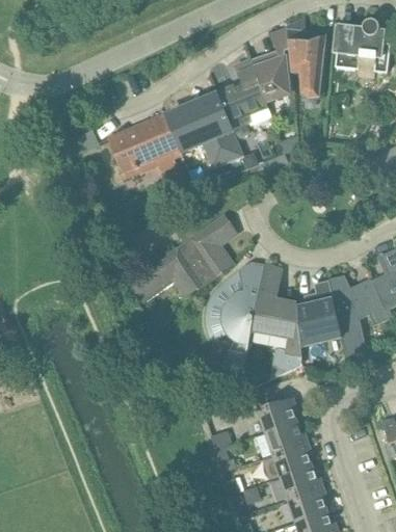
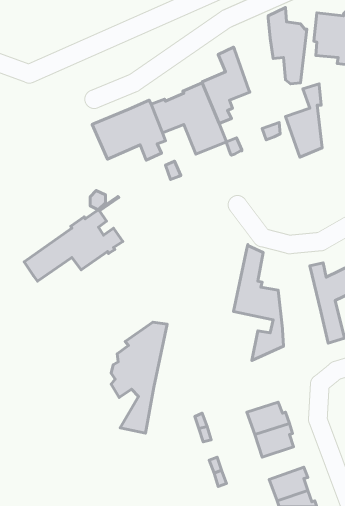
building: [252,27,289,102] -> [286,84,322,157]
building: [129,216,230,302] -> [24,197,123,281]
building: [207,262,264,375] -> [111,322,167,433]
building: [296,280,340,346] -> none
building: [257,397,296,431] -> none
building: [280,467,322,500] -> none

